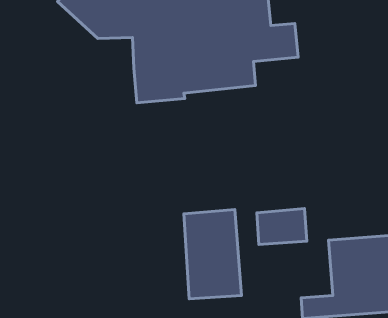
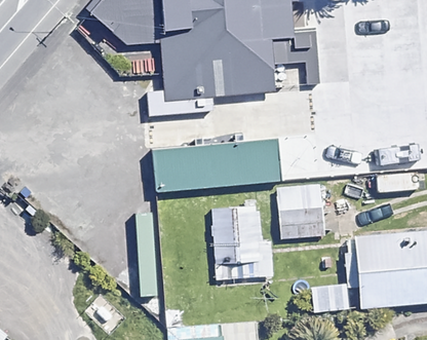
building: none -> [155,139,282,190]

